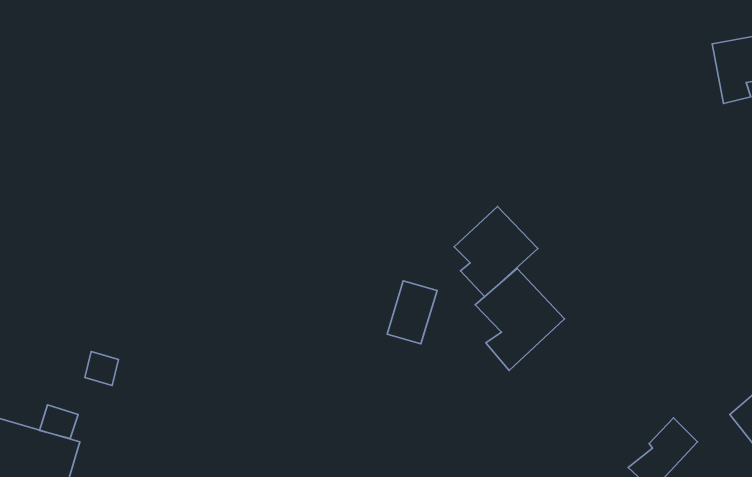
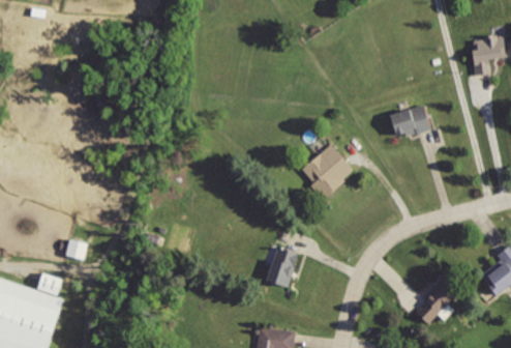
building: none -> [390,105,432,141]
building: [475,269,565,370] -> none
building: [387,281,437,344] -> [266,247,298,287]

